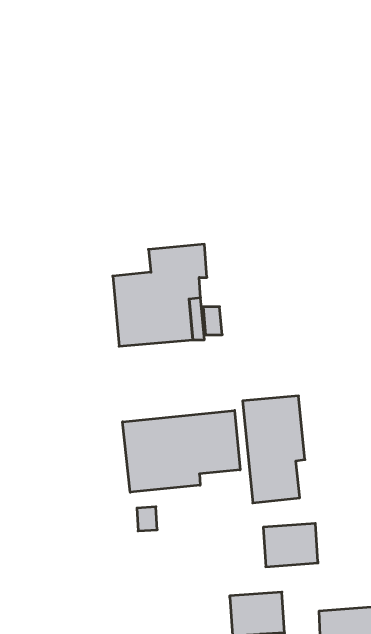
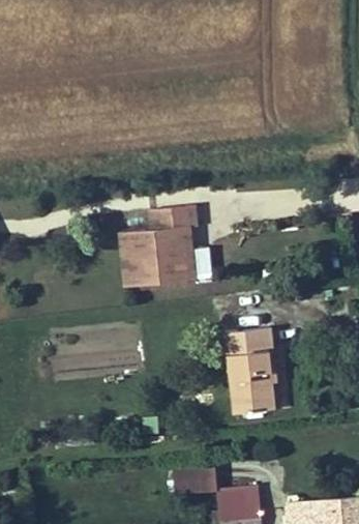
building: [123,410,240,492] -> none
building: [263,523,318,567] -> [171,459,215,494]

